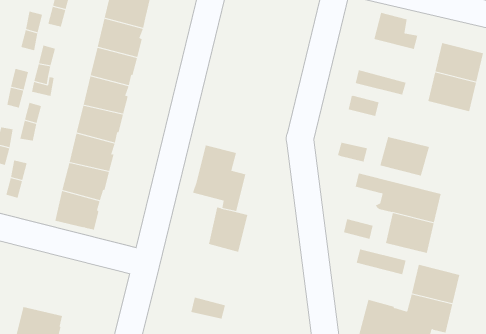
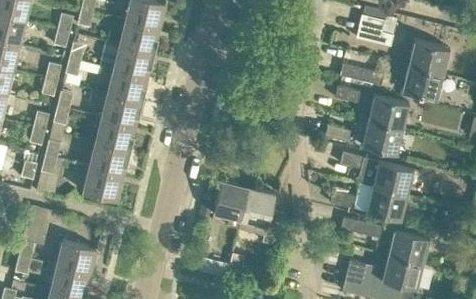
building: none -> [366,94,408,129]
building: [192,145,246,212] -> [236,187,282,244]
building: none -> [55,239,96,273]

